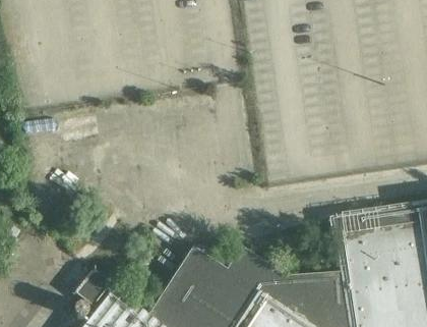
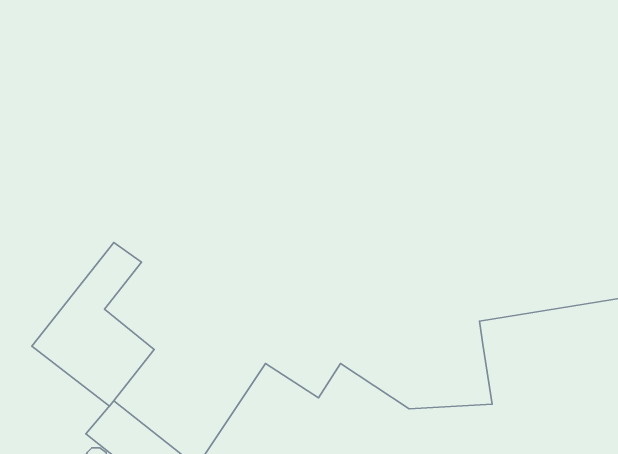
building: none -> [32,243,154,406]

